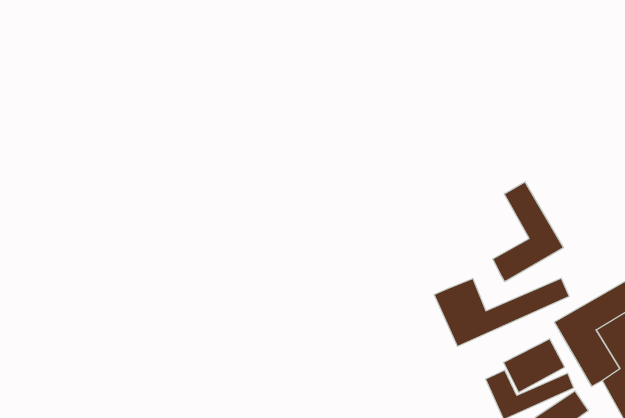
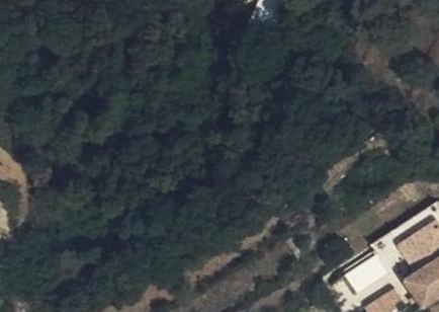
building: [493,182,563,282] -> none
building: [434,278,569,346] -> none

